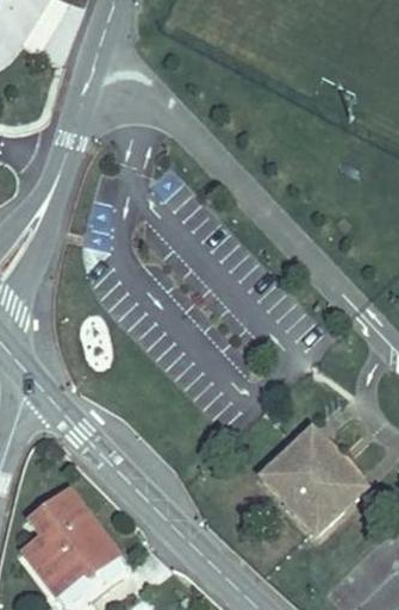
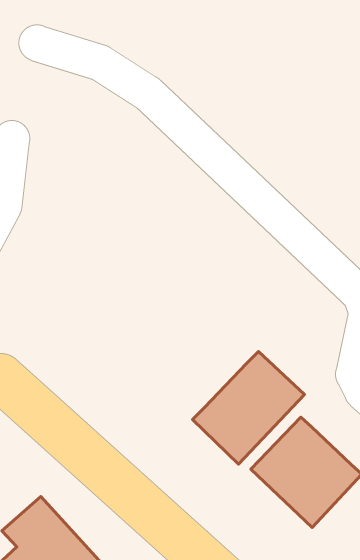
building: none -> [193,351,305,464]

